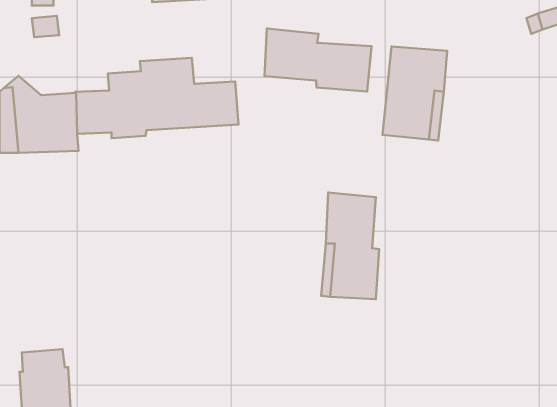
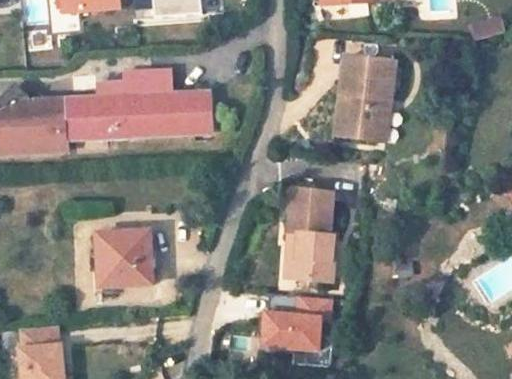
building: [265,29,372,91] -> none
building: none -> [95,232,151,286]
building: none -> [262,296,332,350]

